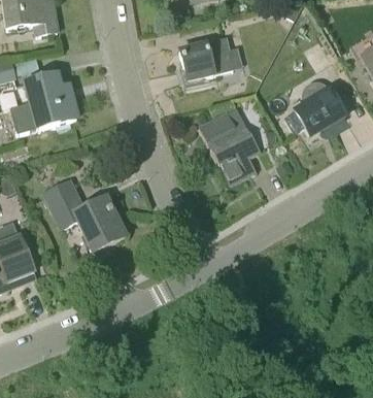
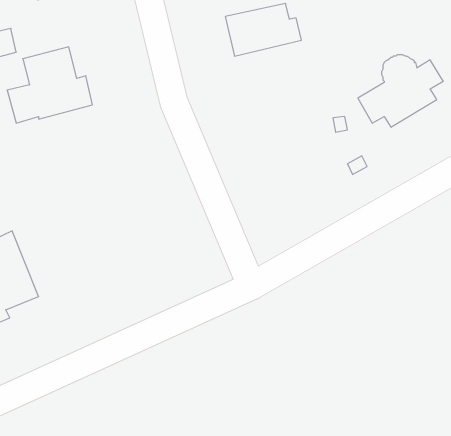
building: [201,113,258,181] -> none
building: [42,175,126,251] -> none

